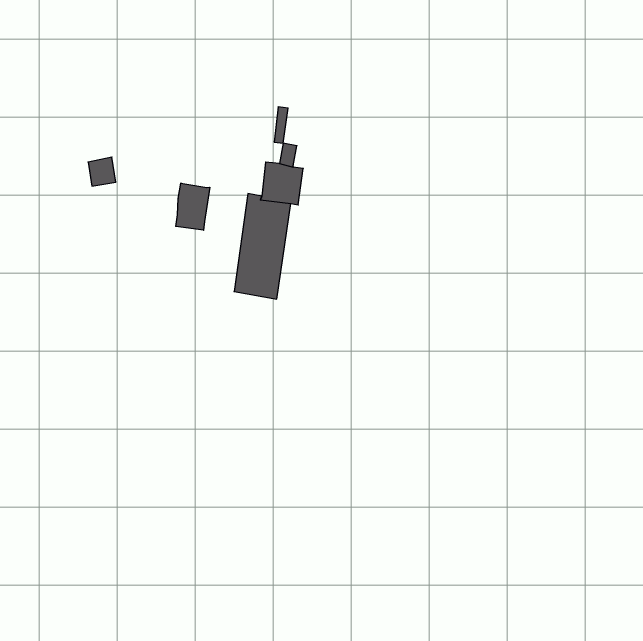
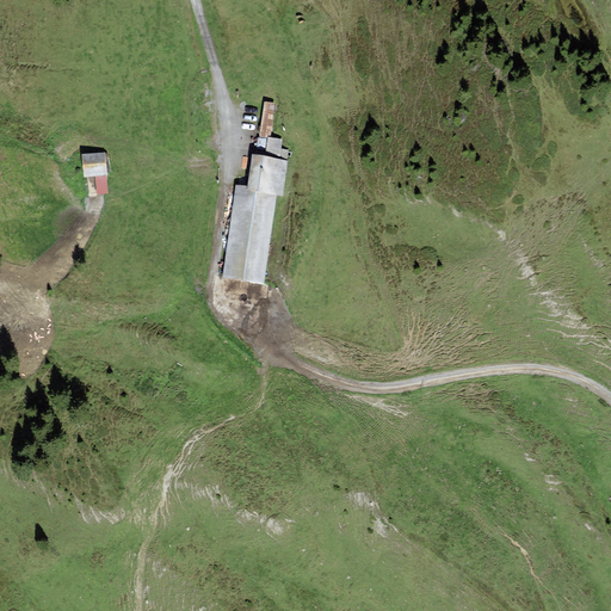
building: [176,183,210,230] -> none

